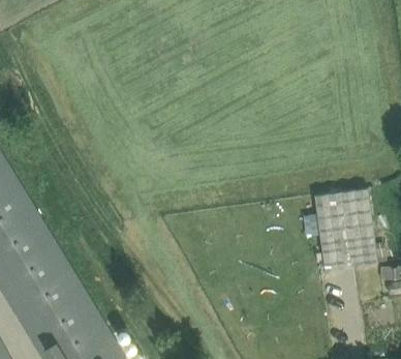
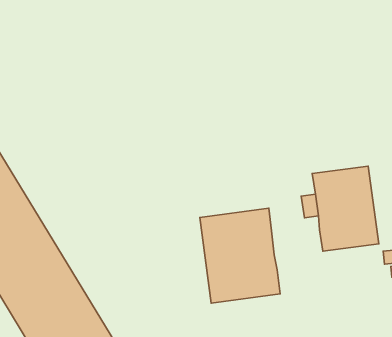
building: none -> [200,208,280,303]

